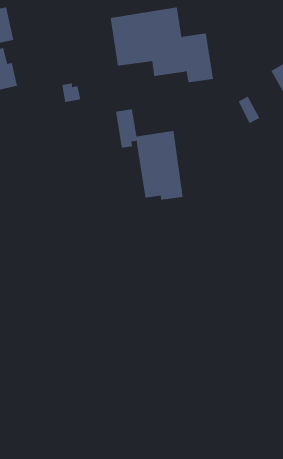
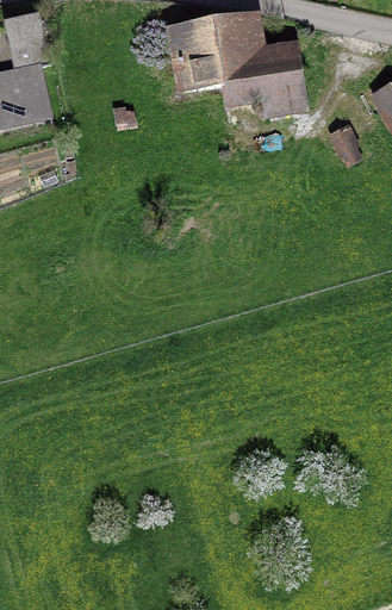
building: [116,108,183,200] -> none

